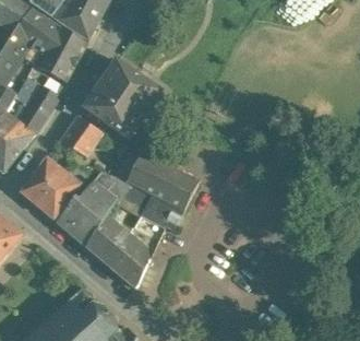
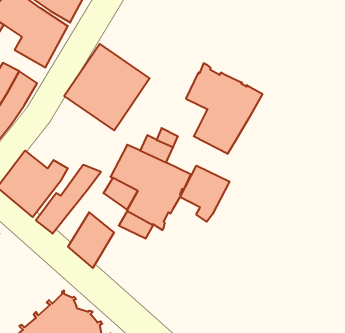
building: none -> [186,63,262,154]
building: [60,115,103,155] -> none
building: none -> [180,166,229,222]
building: [72,191,117,246] -> none
building: [109,233,149,287] -> none

